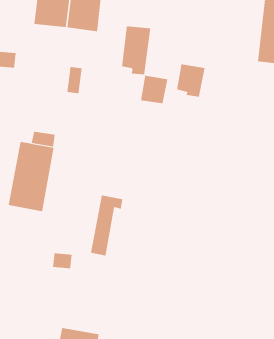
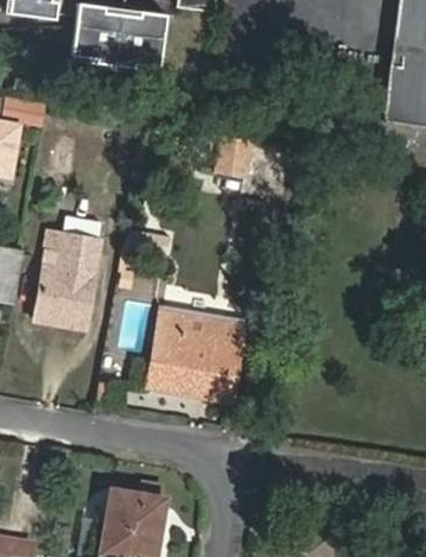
building: [122,25,151,75] -> none
building: [177,64,205,98] -> none
building: none -> [172,308,244,398]

